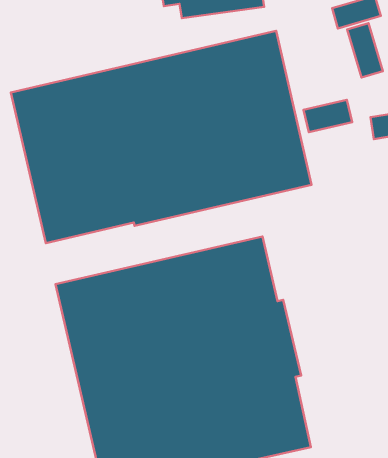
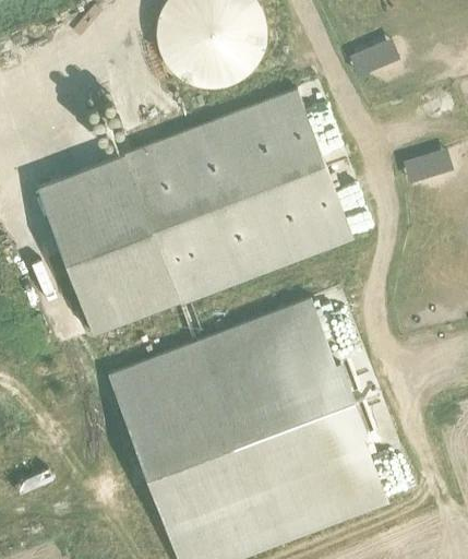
building: [347,23,383,78] -> none
building: [303,100,352,132] -> none

